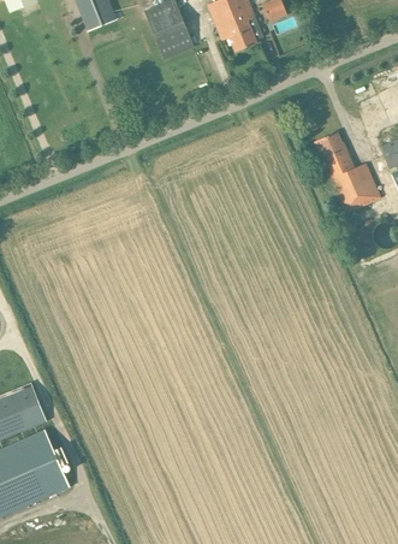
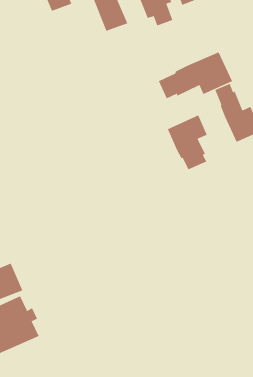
building: none -> [158,51,233,99]
building: none -> [167,115,208,170]

